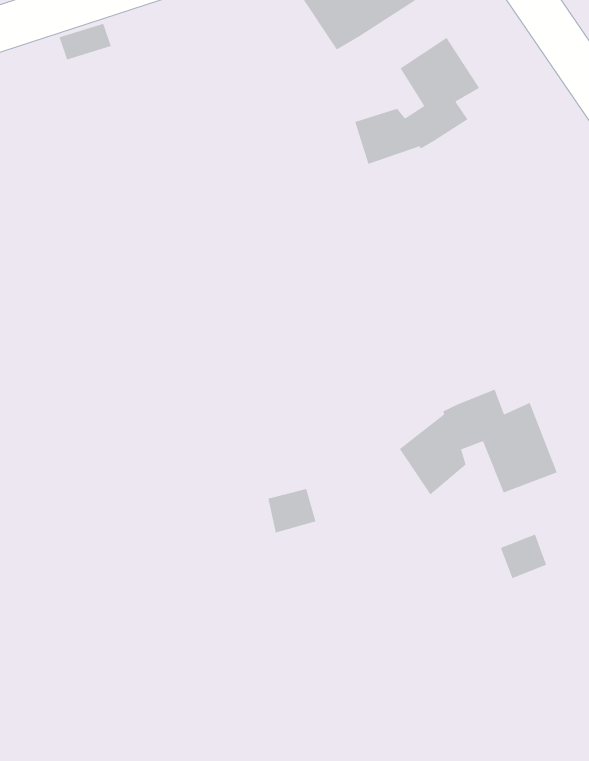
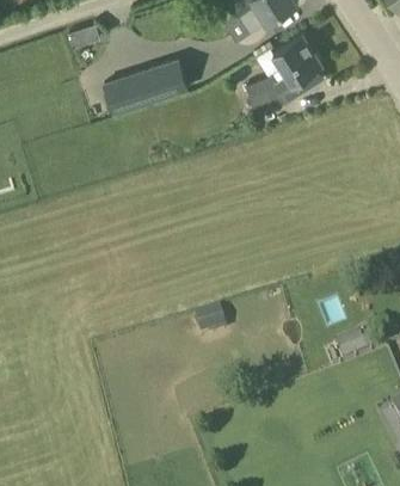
building: none -> [118,59,189,109]
building: [399,389,558,495] -> none

